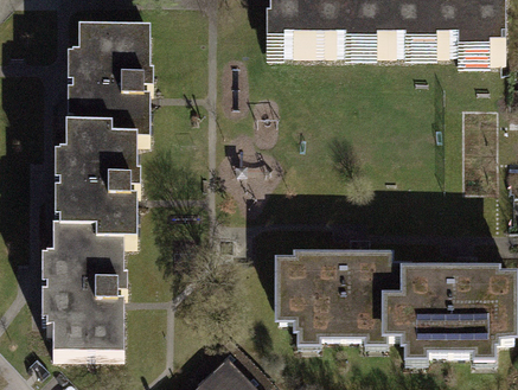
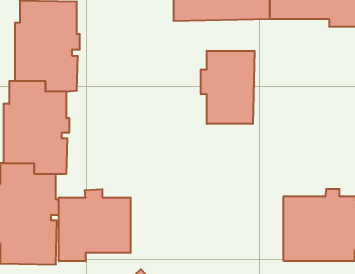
building: none -> [201,51,254,124]
building: [276,238,404,330] -> none
building: none -> [59,189,130,261]

